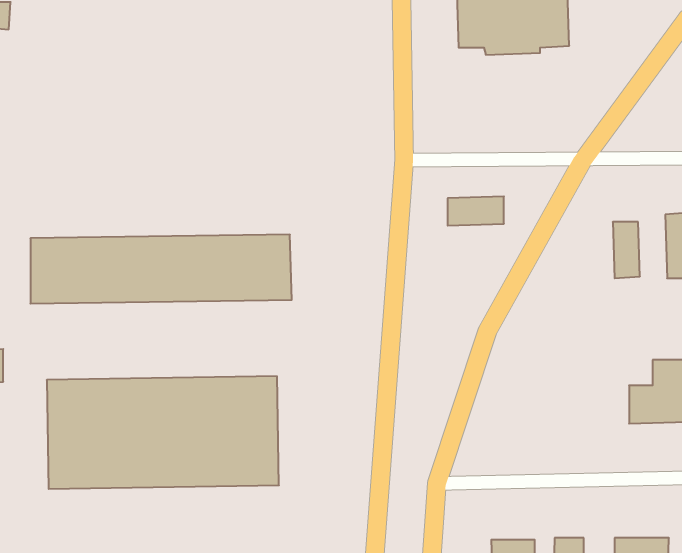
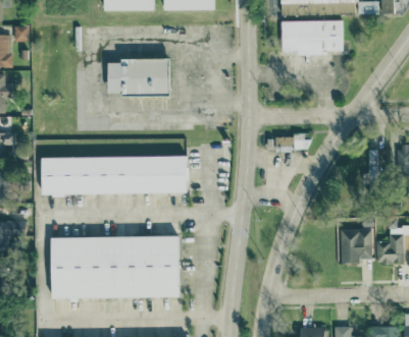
building: none -> [107,57,169,96]
building: none -> [341,228,372,264]

